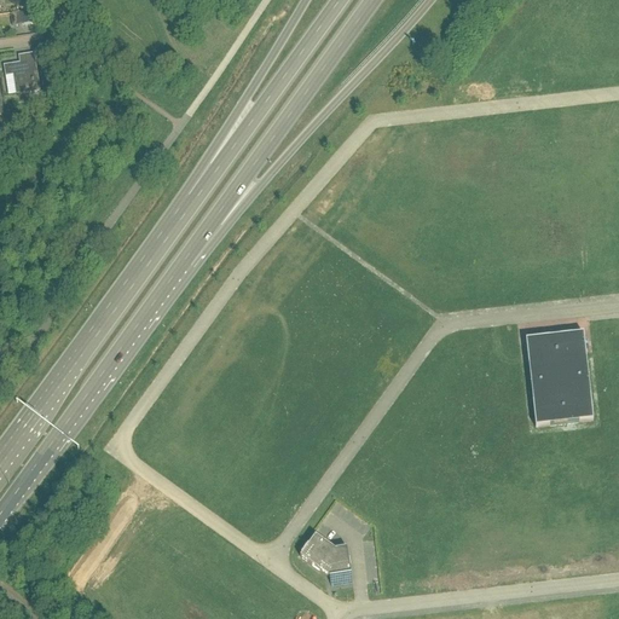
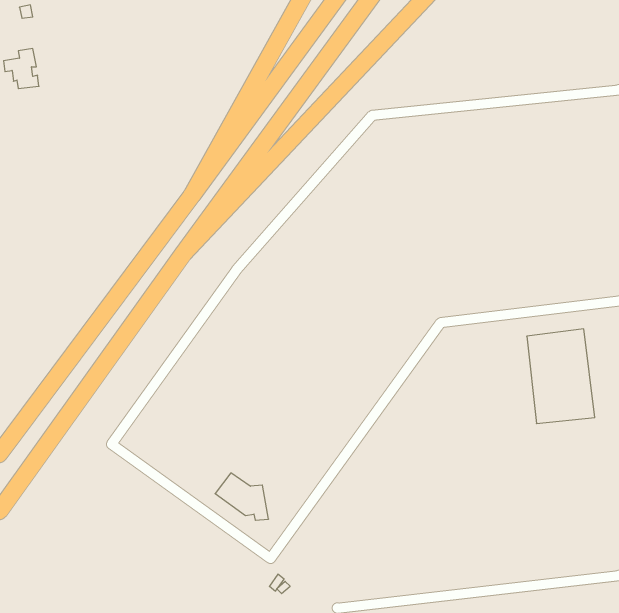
building: [299,531,352,578] -> [215,473,269,520]

